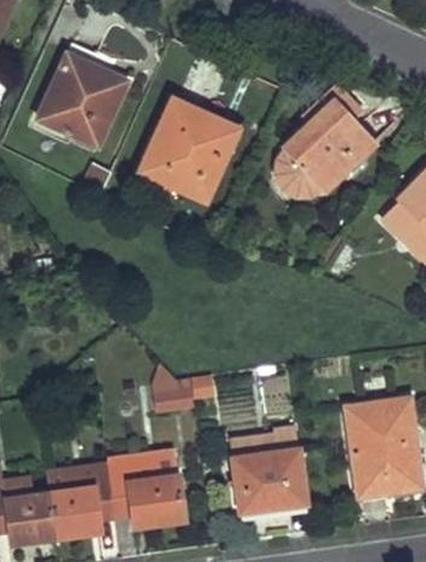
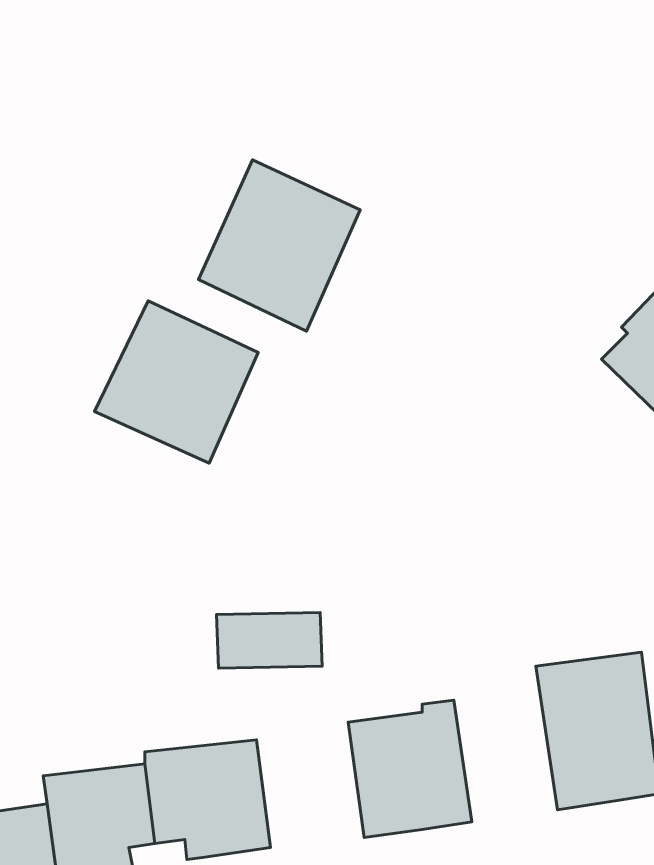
building: [38,58,124,148] -> none
building: [274,102,375,199] -> none
building: none -> [95,301,258,463]

